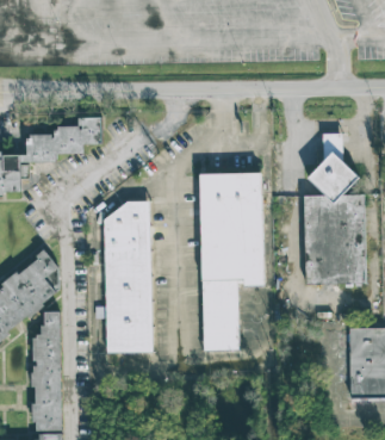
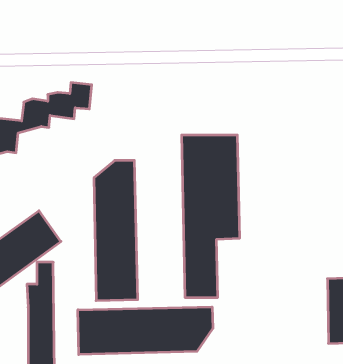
building: [304,134,365,284] -> none
building: none -> [78,307,213,355]

